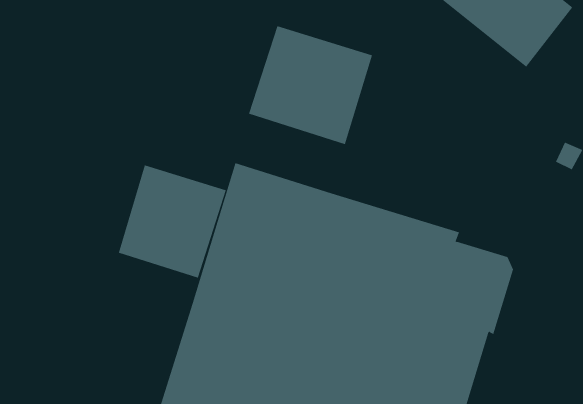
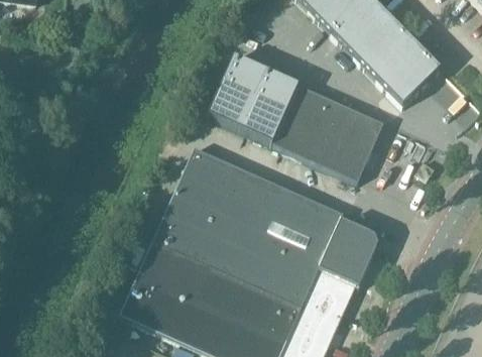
building: none -> [273,86,384,182]
building: [118,165,226,279] -> none

